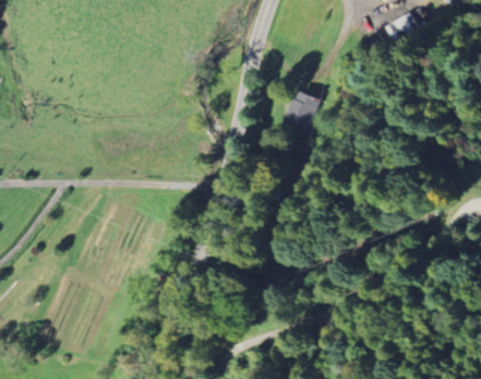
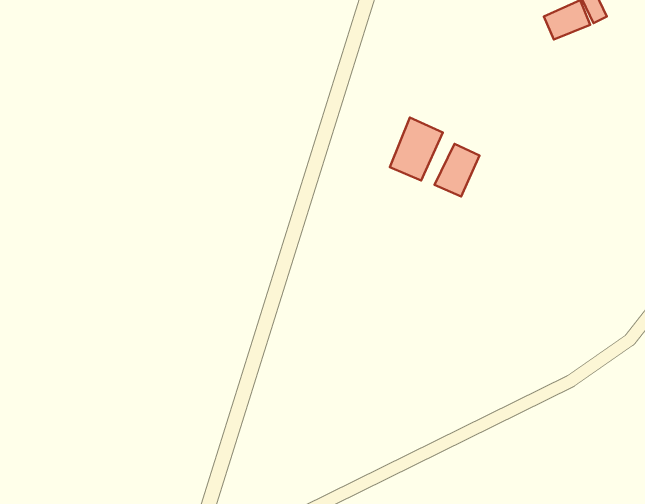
building: none -> [434,144,479,197]

